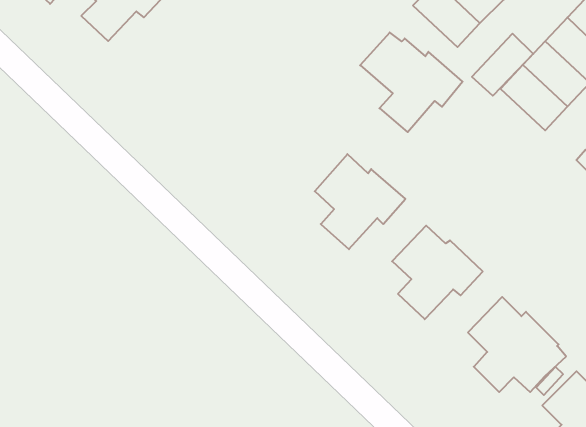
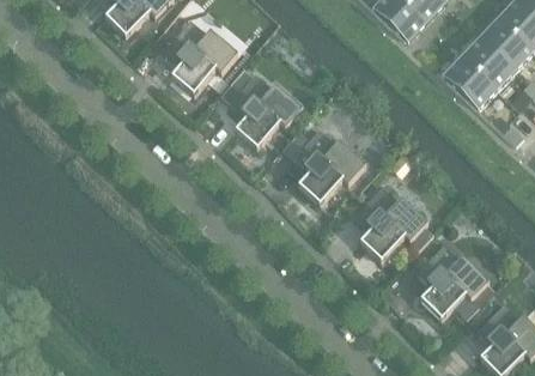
building: none -> [164,18,237,93]
building: [360,32,463,132] -> [219,67,302,147]
building: [472,34,533,96] -> none

